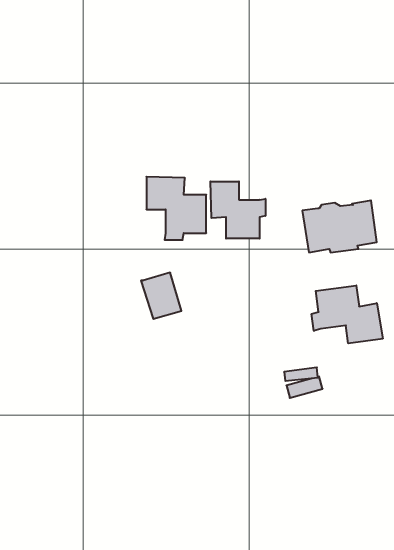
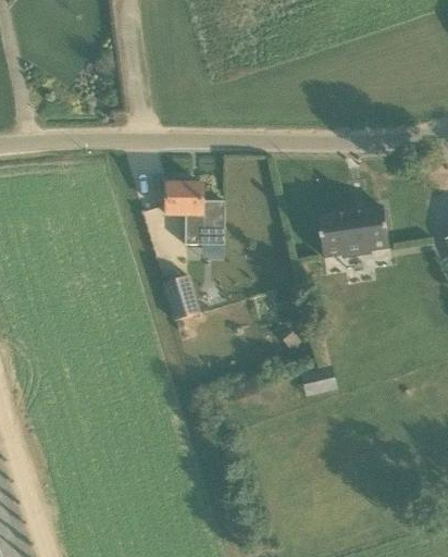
building: [210,181,265,239] -> none
building: [312,285,383,343] -> none

